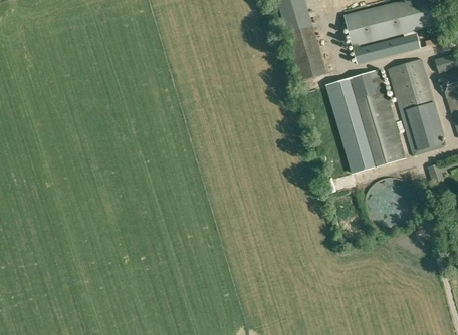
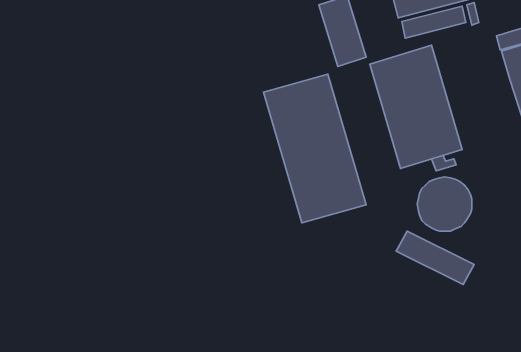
building: [388,57,442,154] -> none
building: none -> [263,74,366,223]
building: none -> [396,231,474,285]

